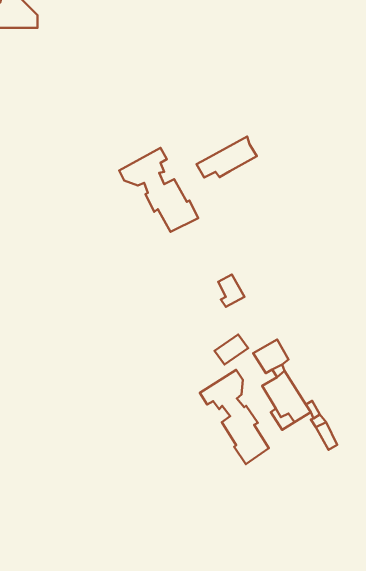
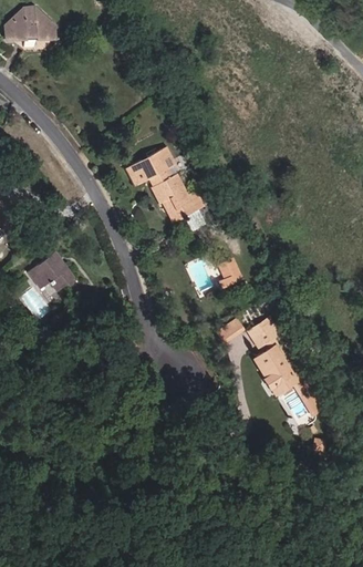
building: [196,137,257,177] -> none
building: none -> [34,261,79,295]
building: [200,370,269,464] -> none

